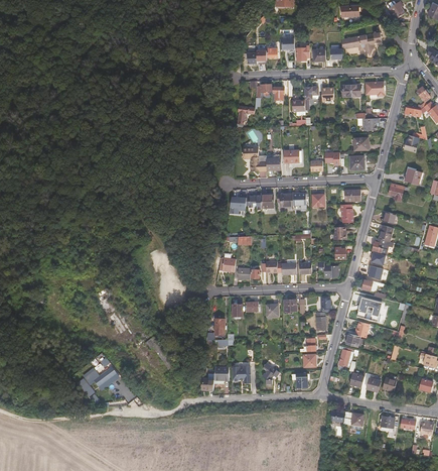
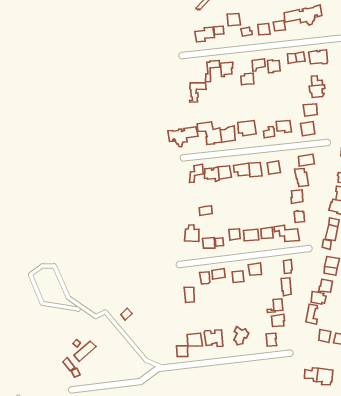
building: none -> [168,127,198,147]

